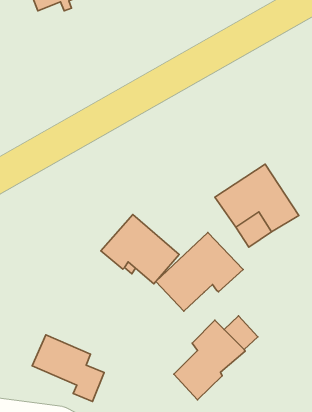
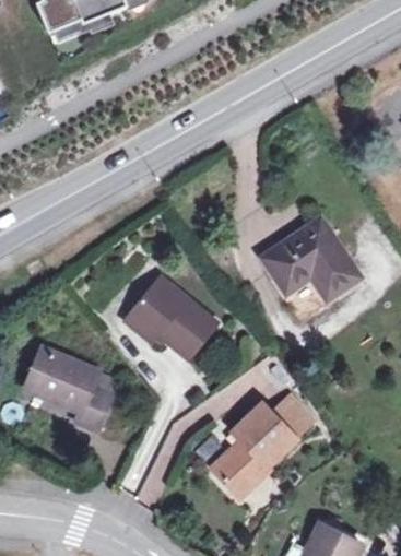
building: [156,233,243,311] -> none
building: [32,335,104,402] -> [26,348,113,428]

